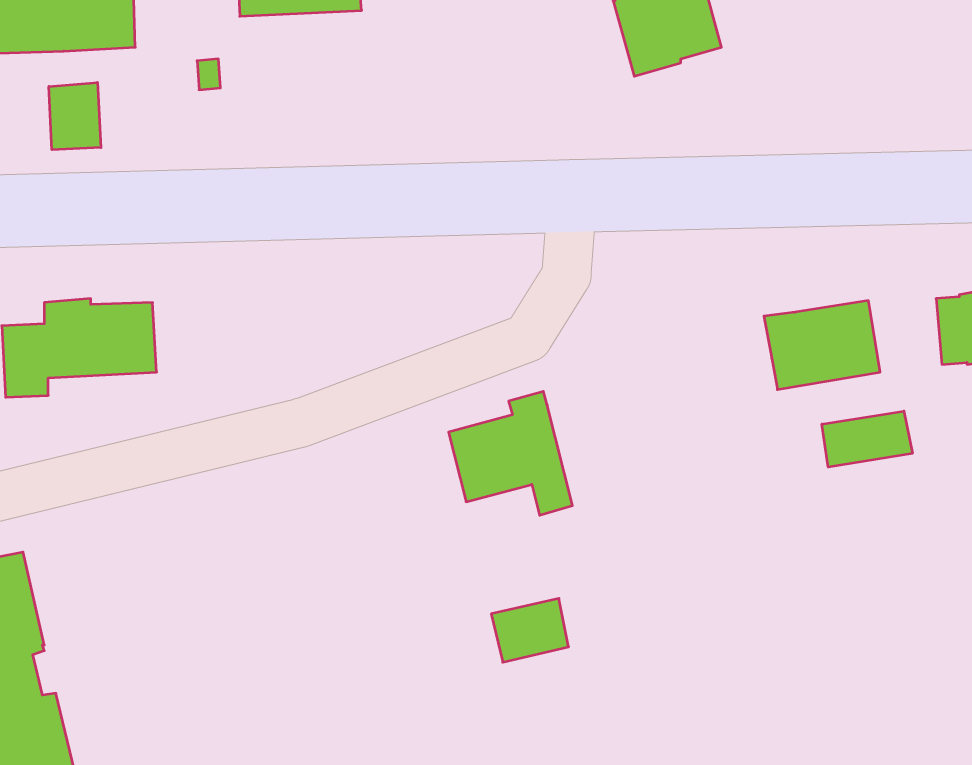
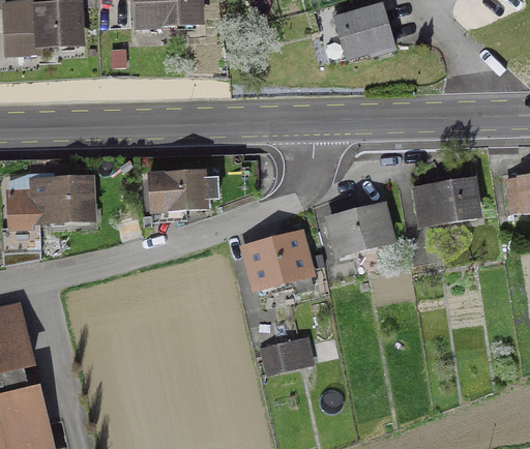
building: [49,82,101,150] -> none
building: none -> [149,170,217,211]
building: none -> [330,201,391,252]
building: [822,411,912,467] -> none

